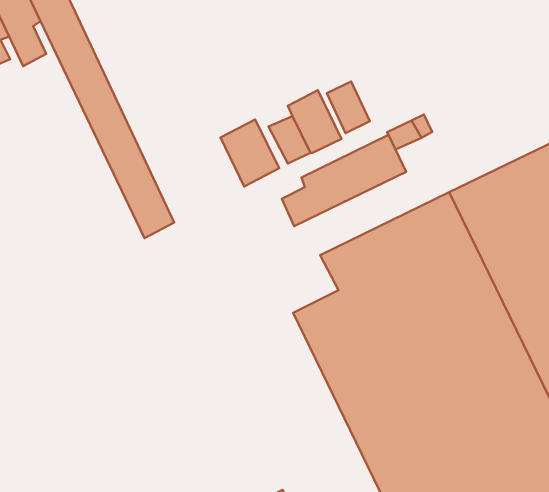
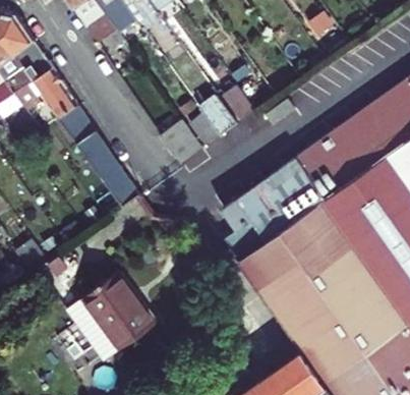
building: [282,135,406,226] -> none
building: none -> [68,273,157,361]

